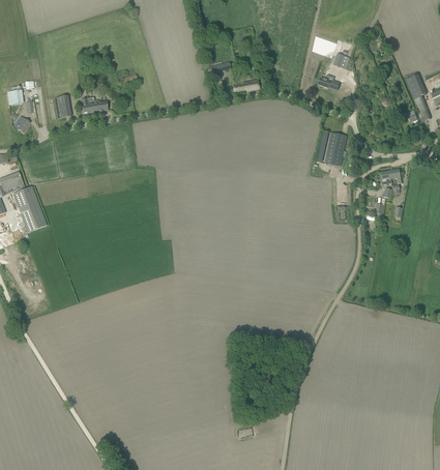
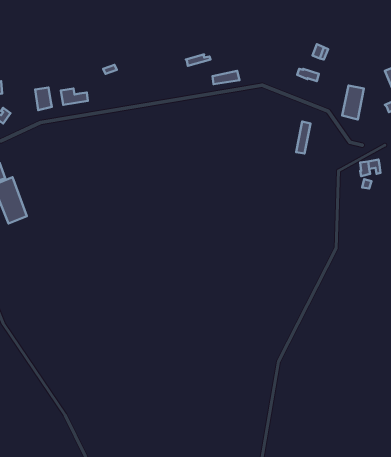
building: [325,131,347,166] -> [342,85,364,119]

